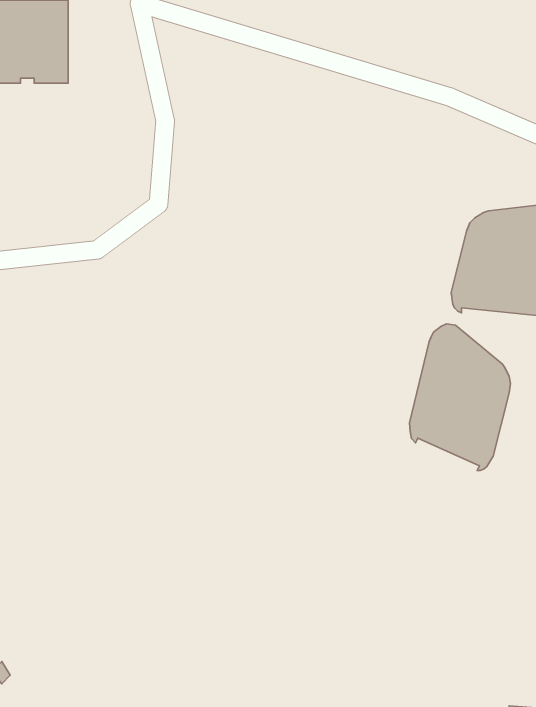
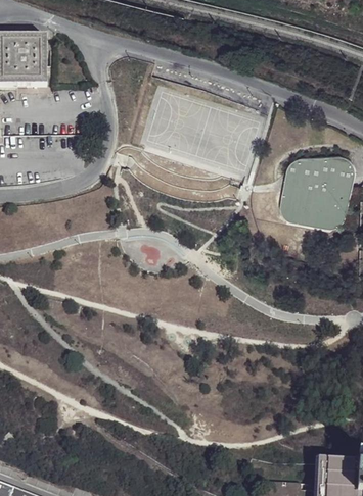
building: [409,324,510,471] -> none

